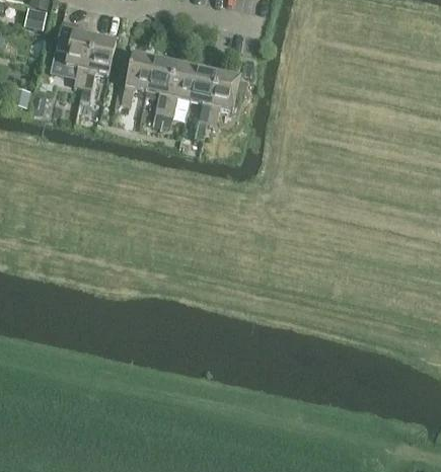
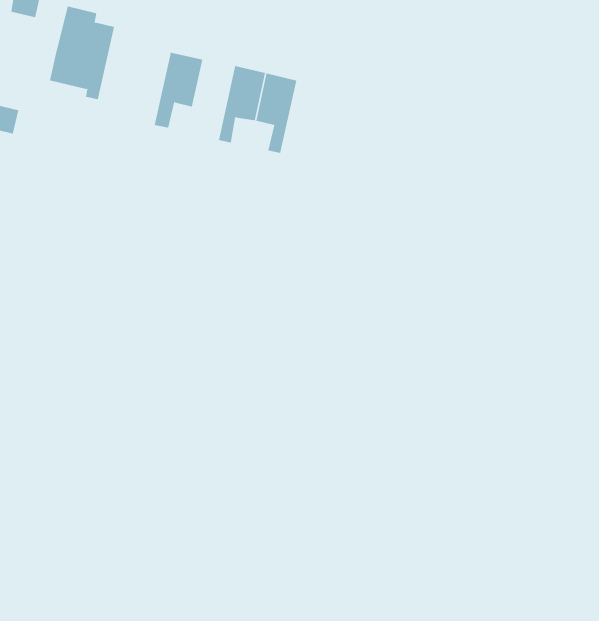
building: [83,34,116,86] -> none
building: [147,57,175,111] -> none
building: [207,71,240,123] -> none

